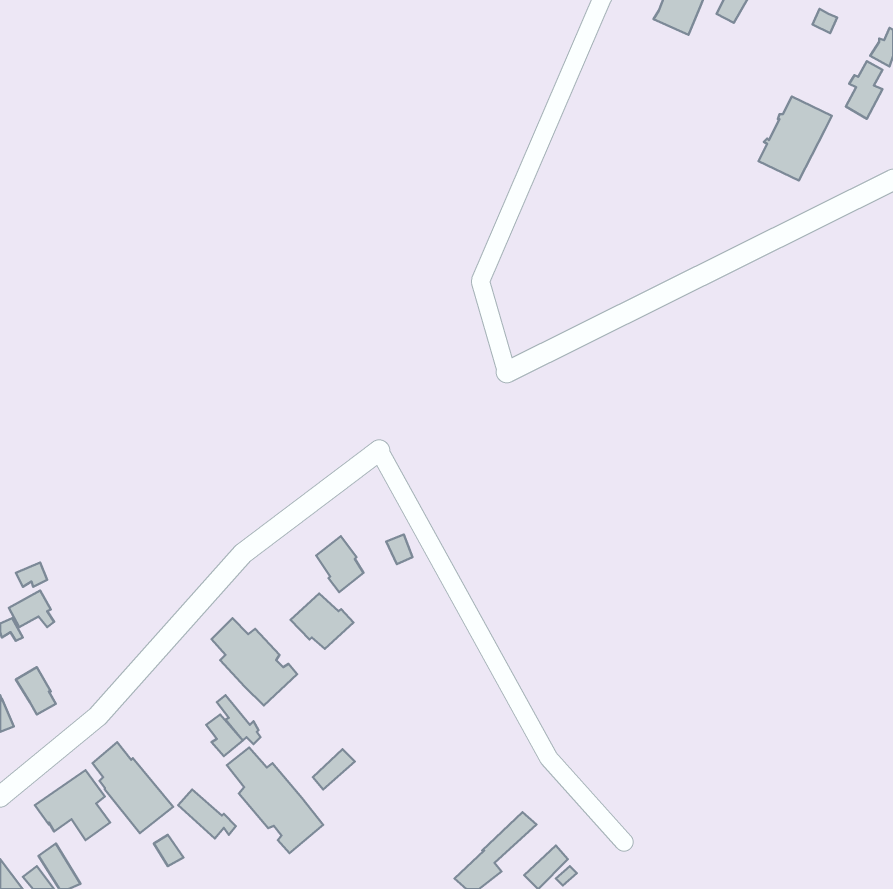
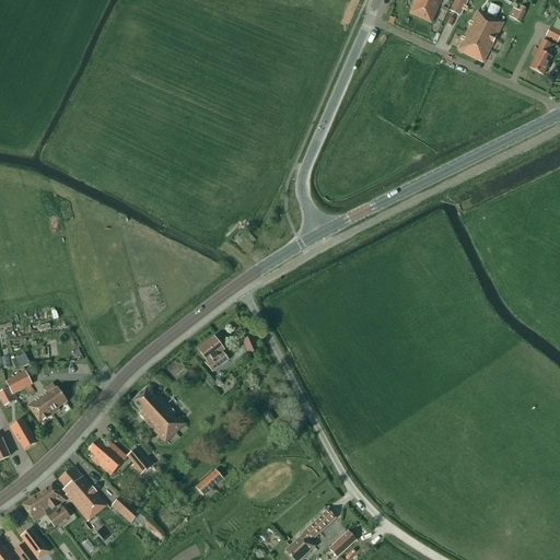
building: [758,97,832,180] -> [457,9,503,61]
building: [291,593,354,649] -> none
building: none -> [27,386,67,422]
building: none -> [88,439,127,475]
building: [227,748,323,853] -> none

